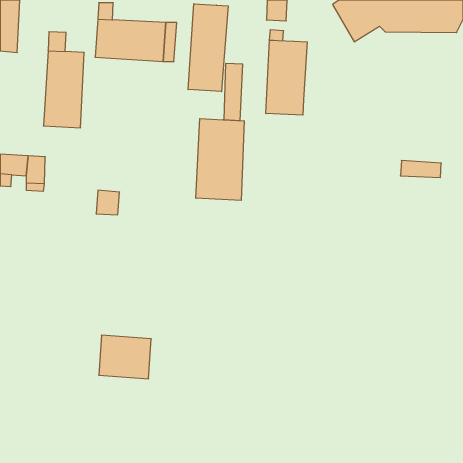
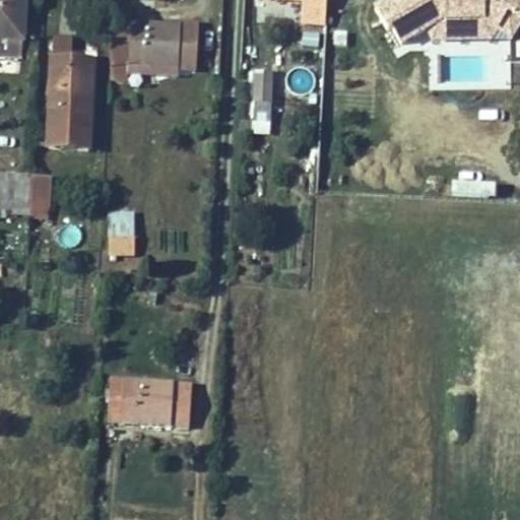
building: [188,4,228,92] -> none
building: [266,40,307,115] -> none
building: [196,119,244,200] -> none
building: none -> [167,380,196,426]

